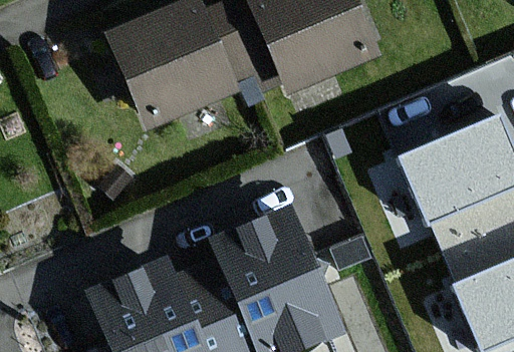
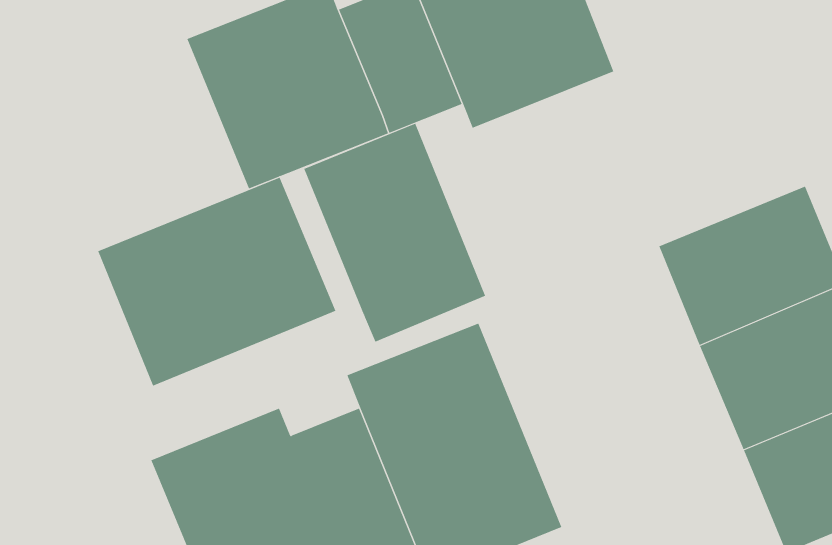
building: none -> [304,123,486,343]
building: none -> [97,177,336,386]

